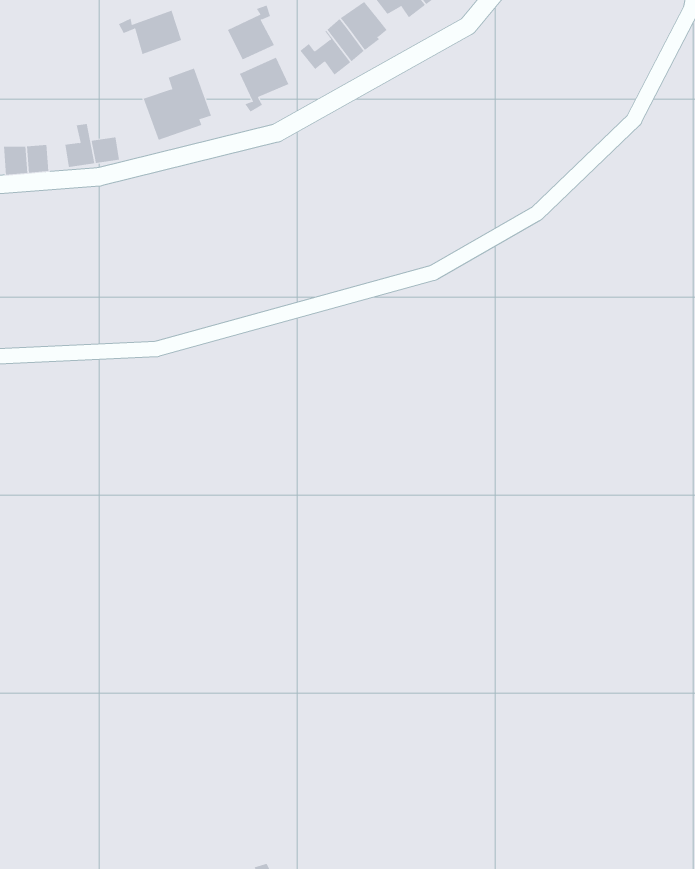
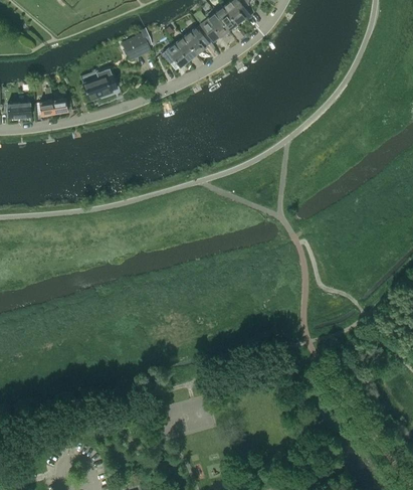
building: [118,10,182,55] -> none
building: [239,57,289,112] -> none

